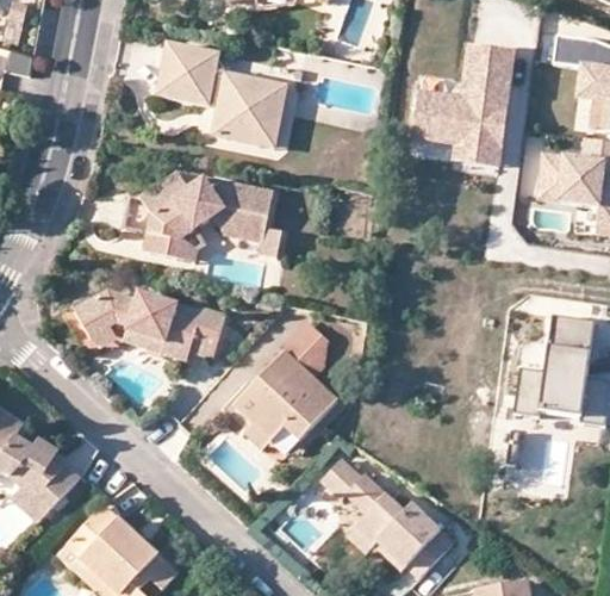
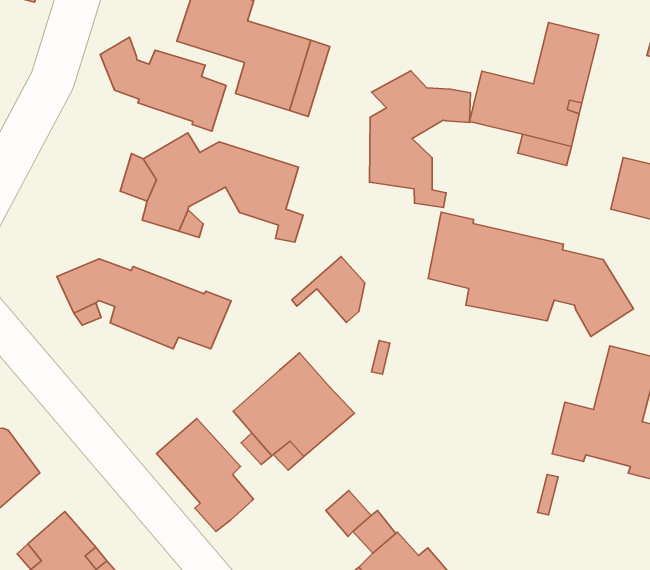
building: none -> [100,37,226,131]
building: none -> [370,71,471,207]
building: none -> [428,212,633,336]
building: [268,319,329,375] -> [292,256,365,323]
building: none -> [156,418,253,532]

